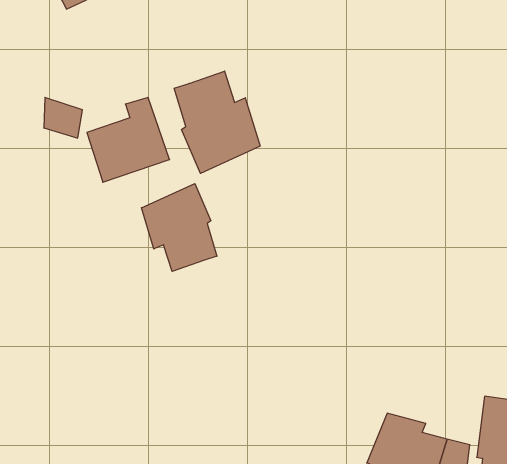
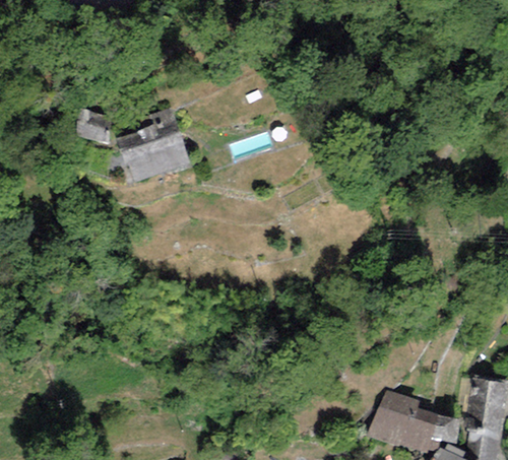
building: [174,71,260,173] -> none
building: [141,184,217,271] -> none

